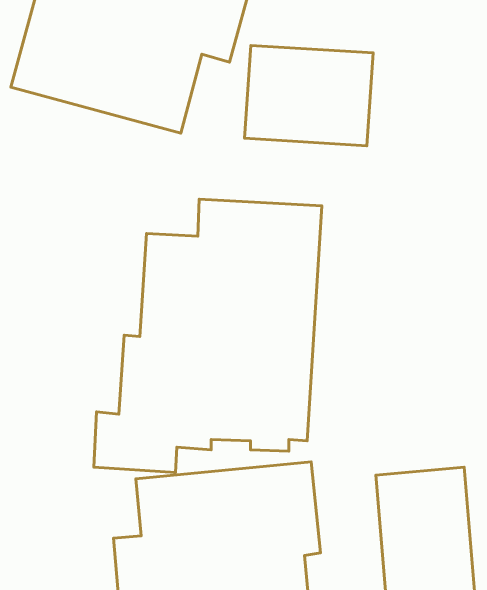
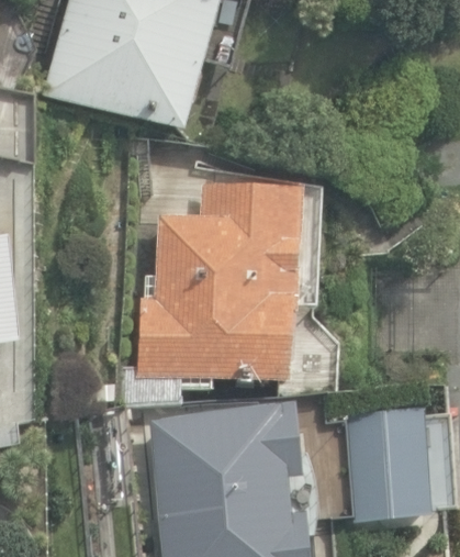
building: [244,45,373,146] -> none

